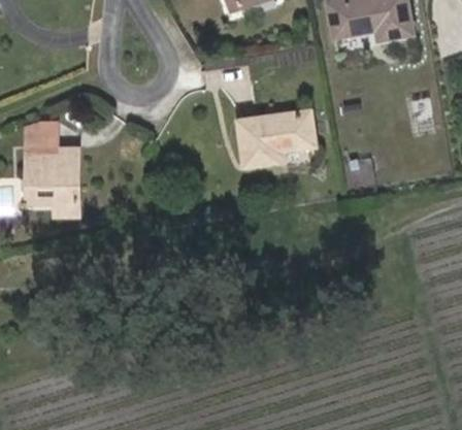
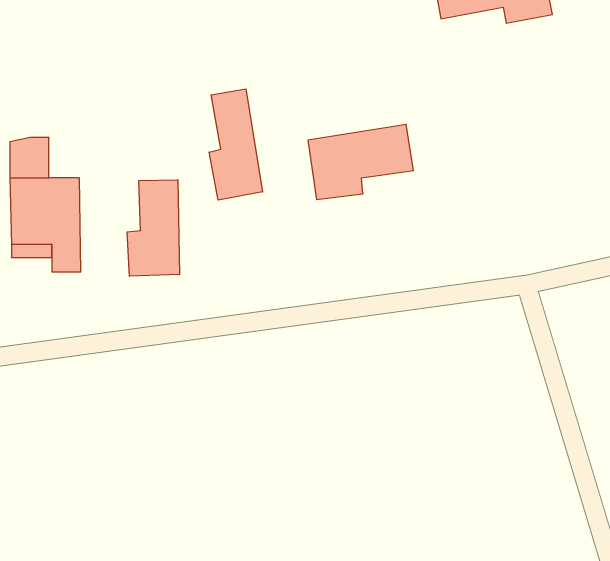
building: none -> [209,89,263,200]
building: none -> [127,180,179,276]

